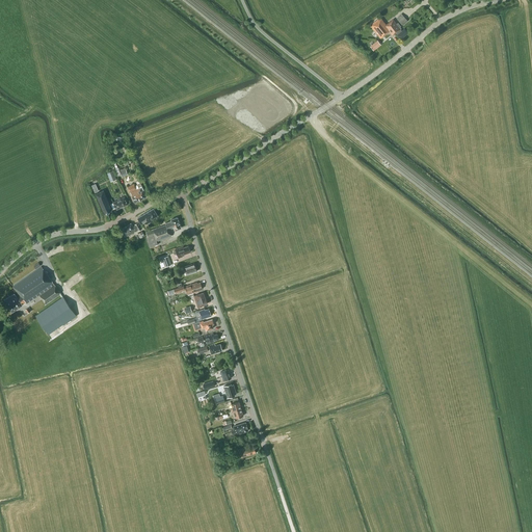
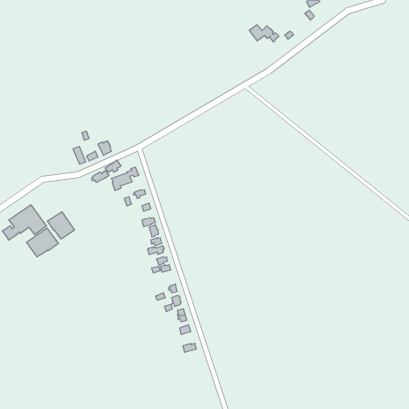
building: [369,18,407,39] -> [249,25,279,42]
building: none -> [48,212,75,239]

